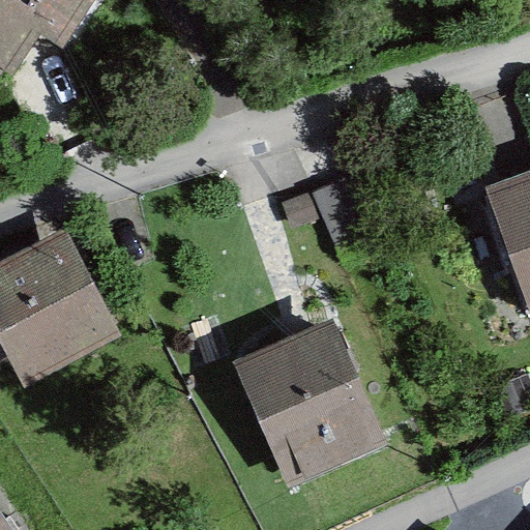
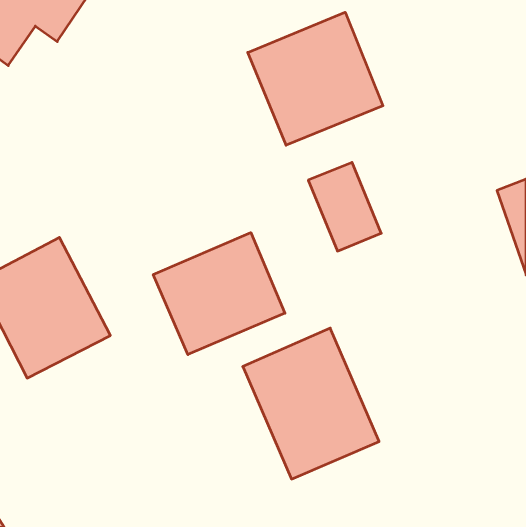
building: none -> [248,12,383,145]
building: none -> [153,233,285,355]

